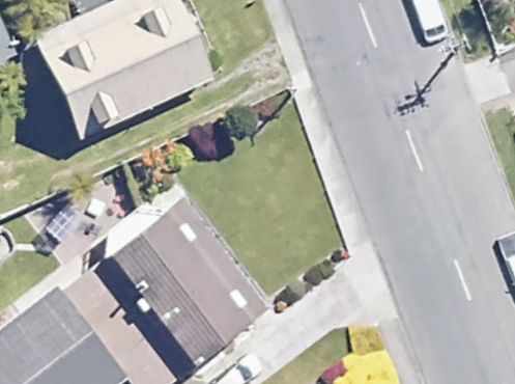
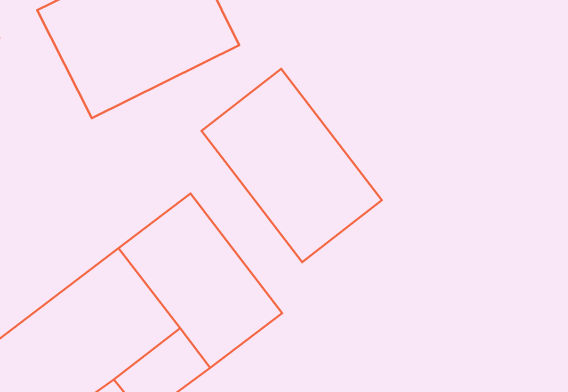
building: none -> [201,69,382,262]

